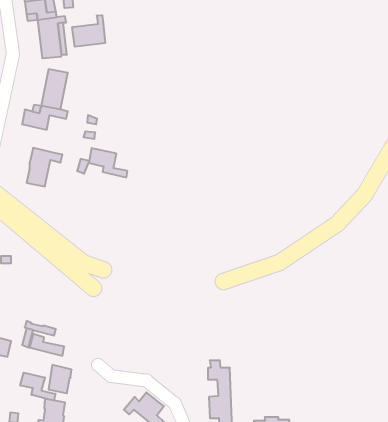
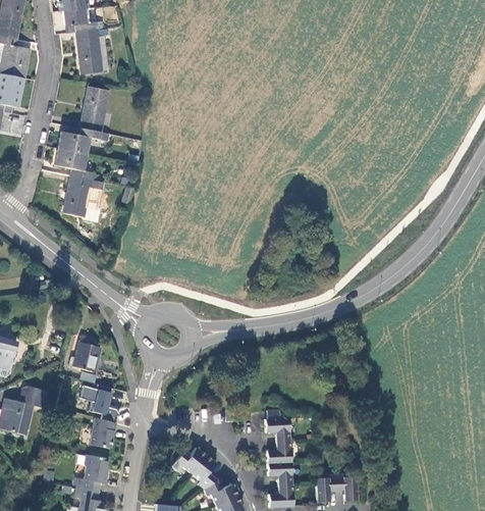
building: [72,15,105,47] -> none
building: [89,148,127,177] -> [56,148,99,181]
building: none -> [72,335,102,372]
building: [20,373,55,400] -> none

